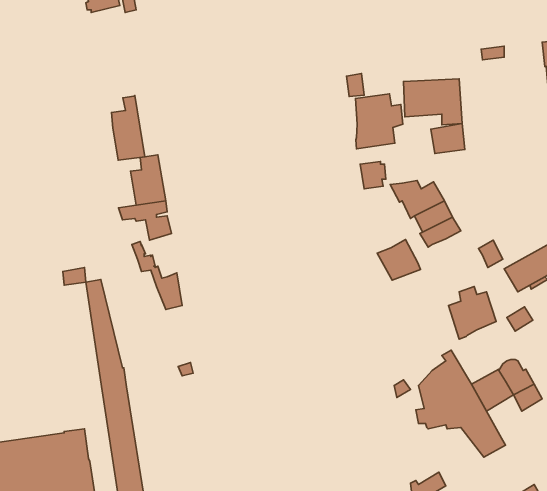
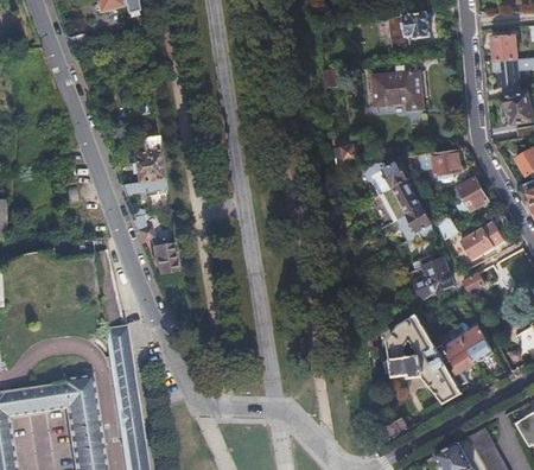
building: none -> [386,12,428,50]
building: [356,94,403,149] -> none
building: [112,95,145,160] -> none
building: [431,124,465,153] -> [431,148,460,174]
building: none -> [454,173,487,216]
building: [377,240,421,280] -> [395,204,433,240]
building: none -> [443,348,473,386]

